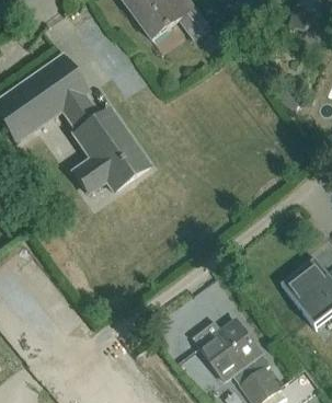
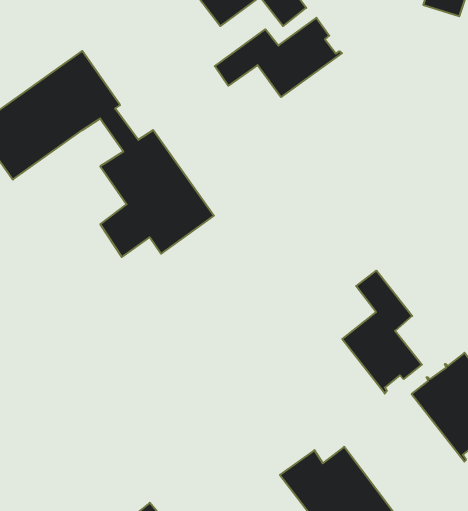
building: none -> [215,18,342,97]
building: none -> [342,271,422,394]

